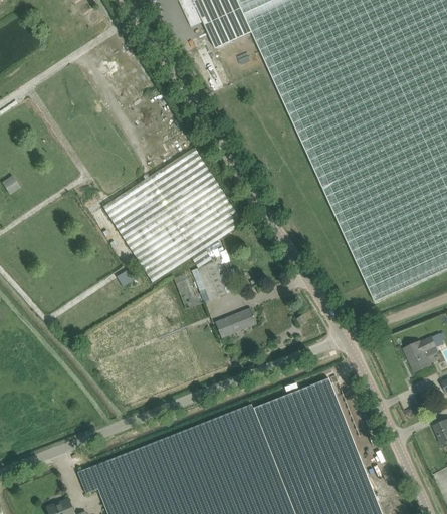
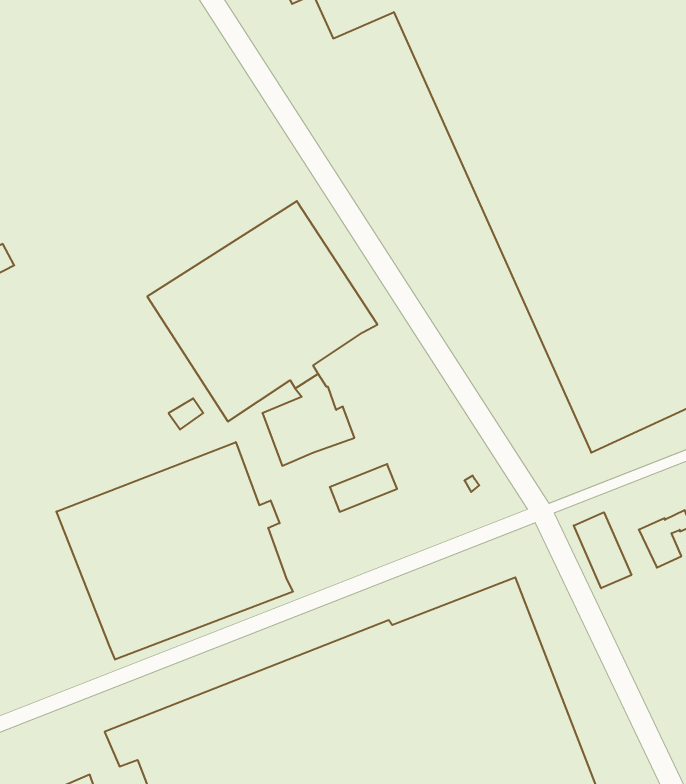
building: none -> [56,442,293,660]
building: none -> [574,512,631,588]

